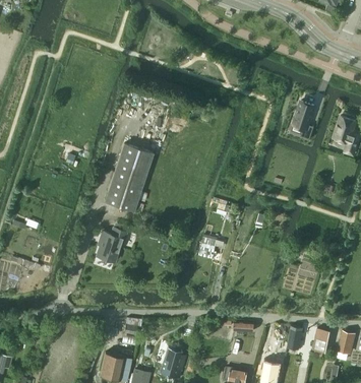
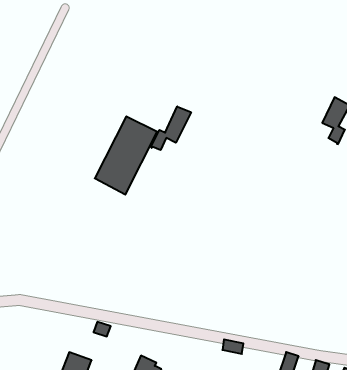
building: none -> [151,106,191,150]
building: [96,227,127,261] -> none

